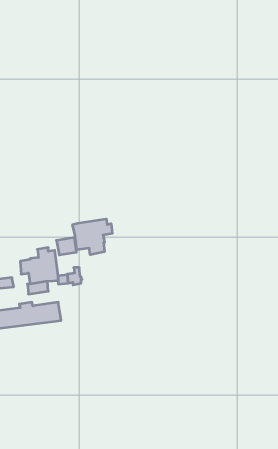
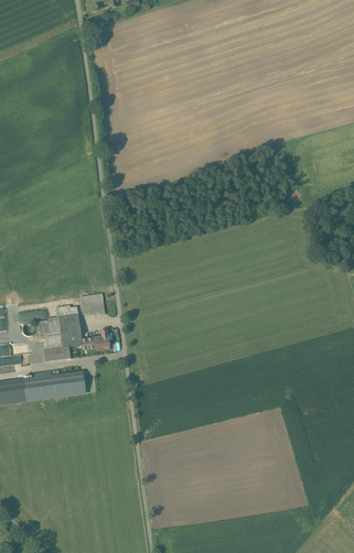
building: [73,219,112,255] -> none

